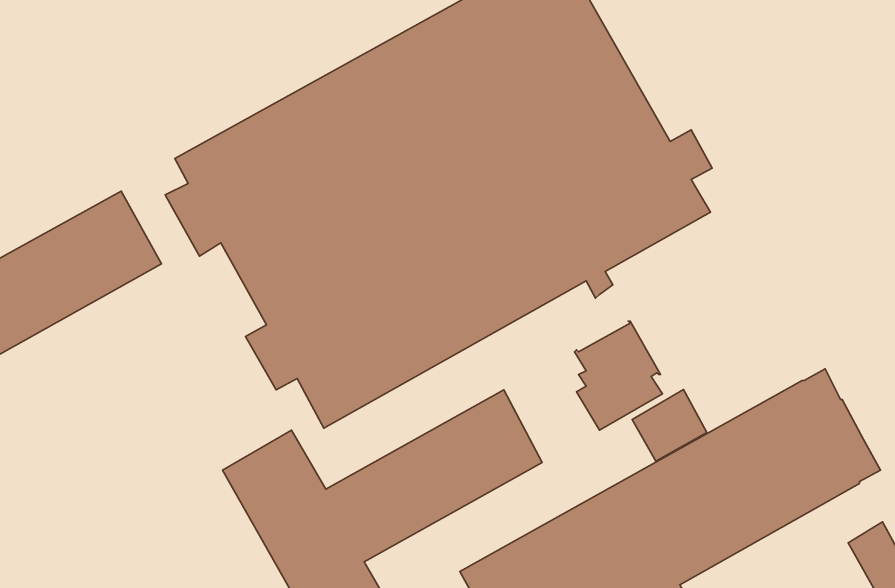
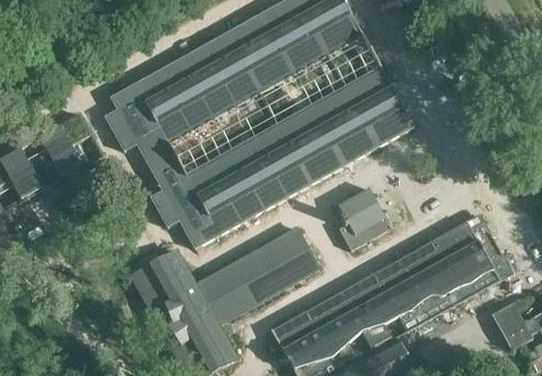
building: [632,389,707,461] -> none

